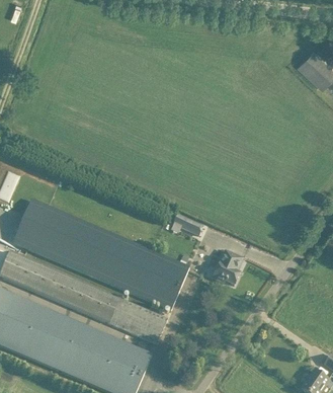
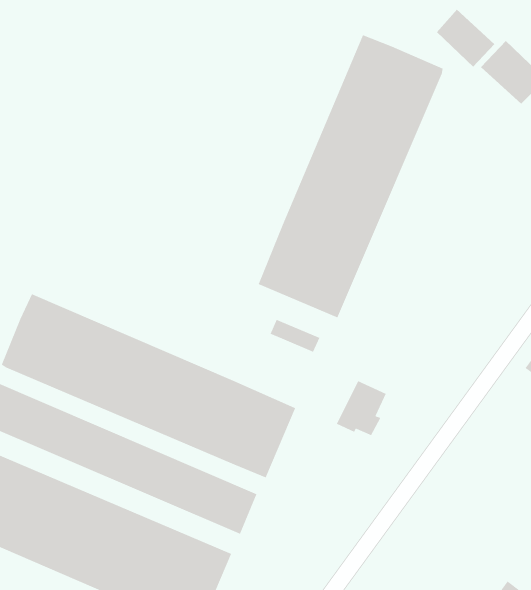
building: none -> [436,9,495,68]
building: none -> [257,34,443,318]

